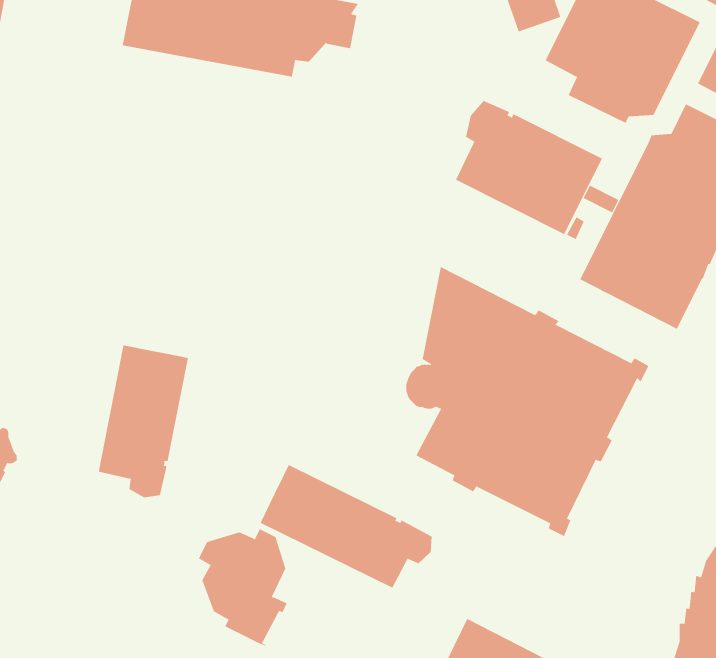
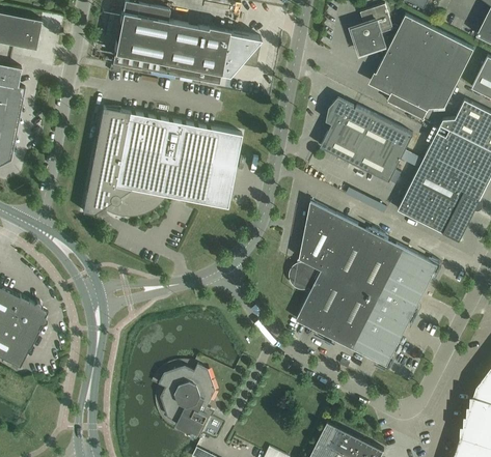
building: none -> [83,107,241,217]
building: [98,345,189,498] -> none
building: [260,464,432,588] -> none

